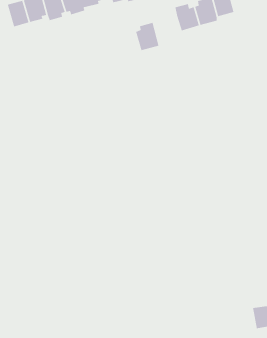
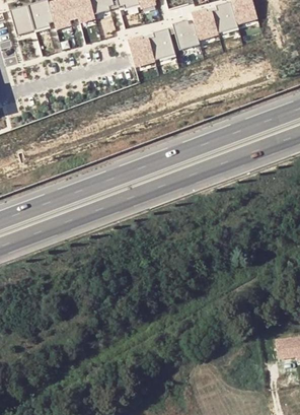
building: none -> [171,21,199,52]
building: none -> [127,38,154,68]

